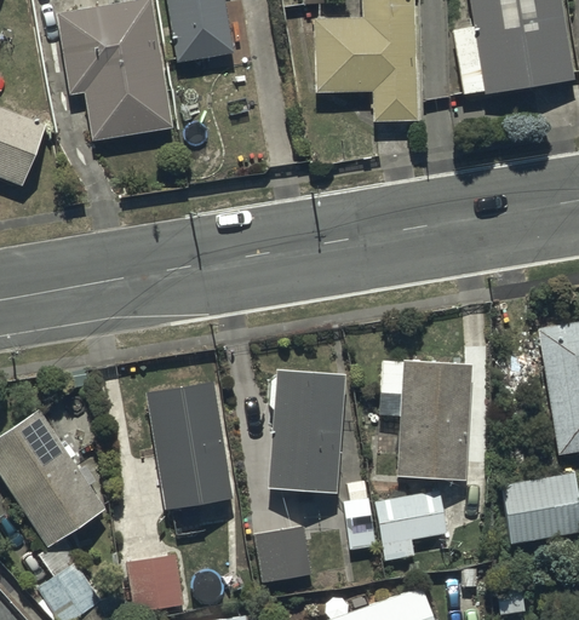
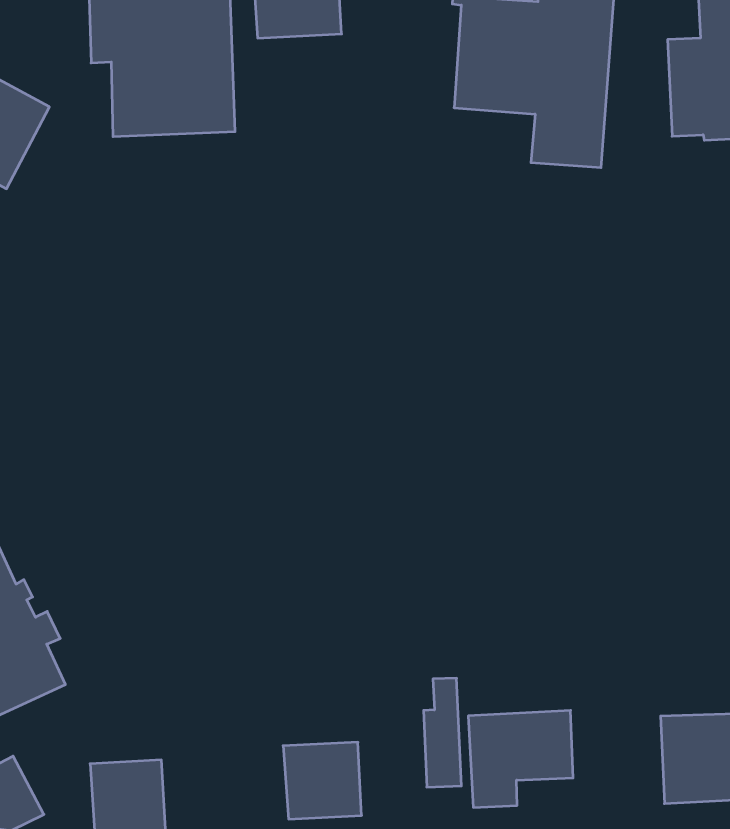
building: [379,361,472,482] -> none
building: [268,372,344,495] -> none
building: [145,380,234,512] -> none

